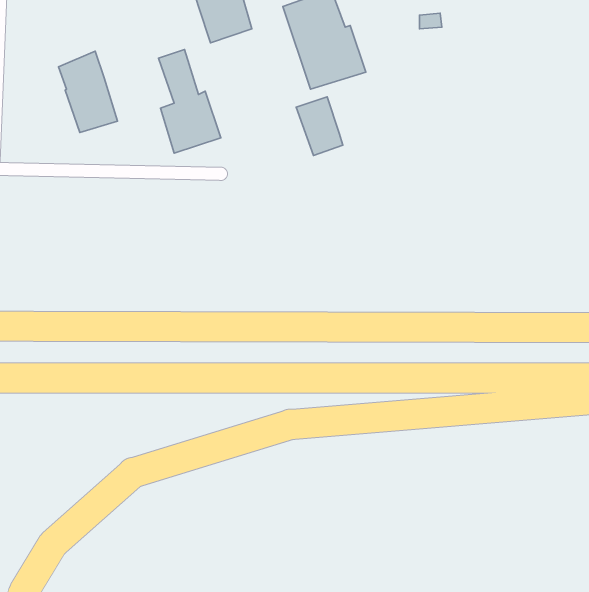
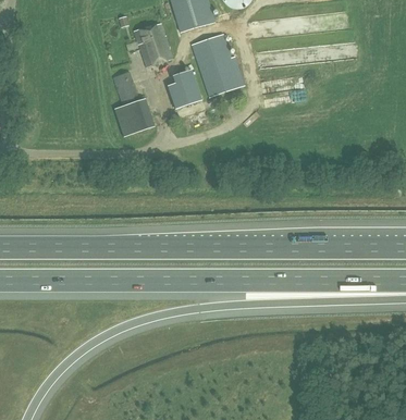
building: [58,51,118,132] -> none
building: [296,97,343,156] -> [172,69,201,106]

